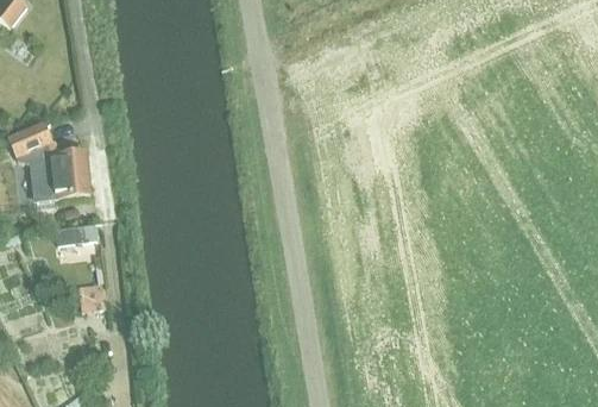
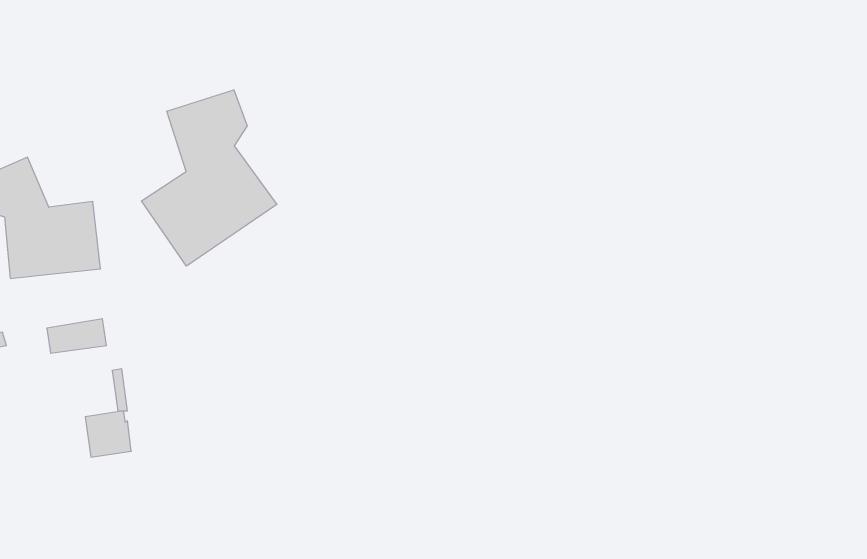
building: none -> [141,90,277,266]

